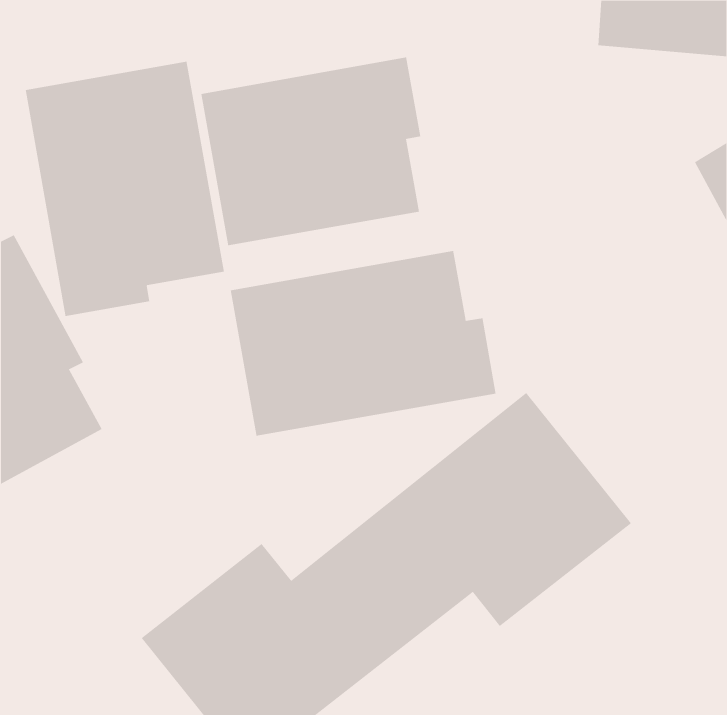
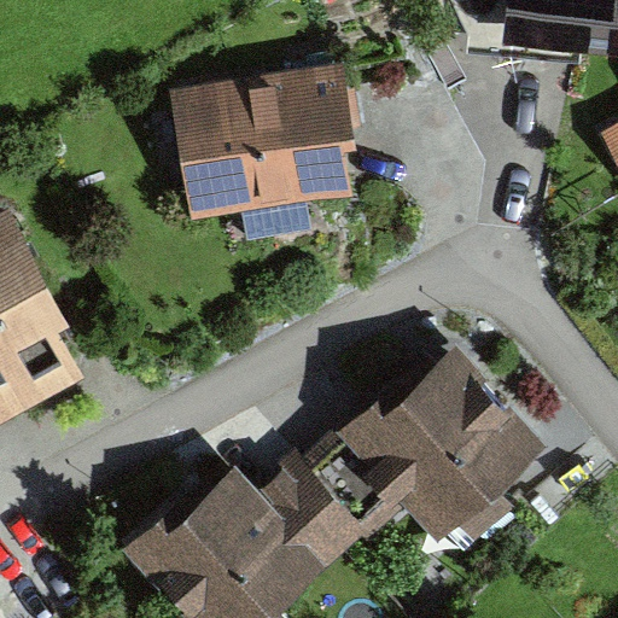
building: [25,61,224,317] -> none
building: [230,250,496,436] -> none

